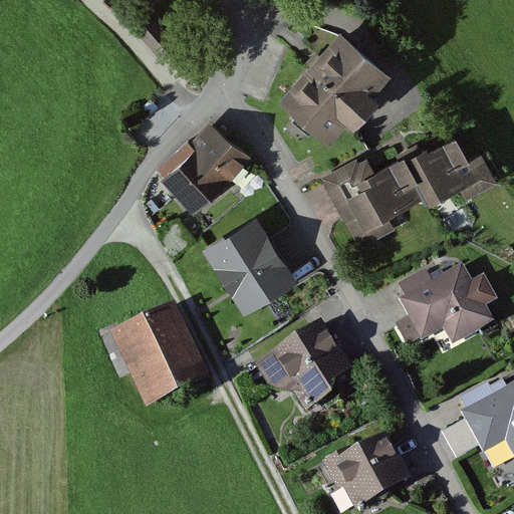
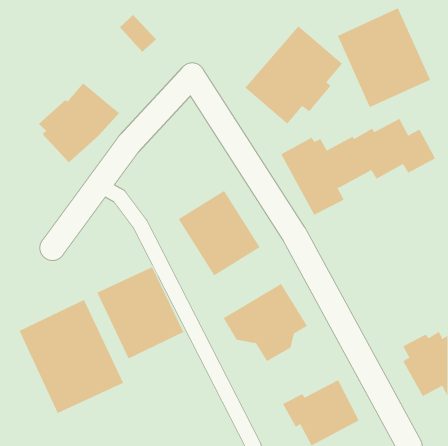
building: none -> [337,8,431,108]
building: [158,120,251,213] -> [38,83,120,163]
building: [395,266,498,348] -> none
building: none -> [19,299,124,414]

